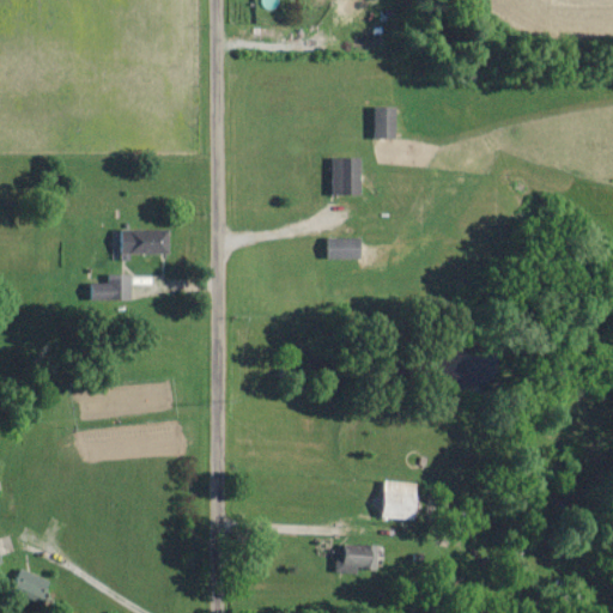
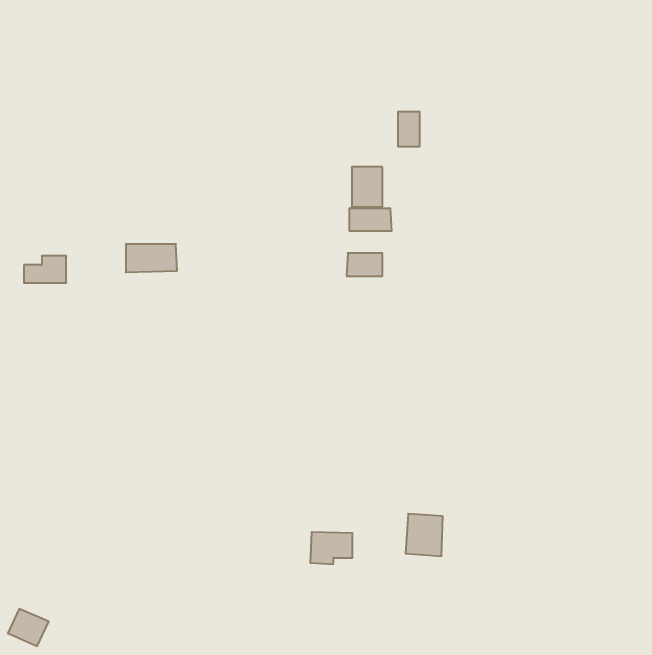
building: none -> [350,208,392,231]
building: [91,274,131,299] -> [24,256,66,283]
building: [338,544,377,573] -> [310,532,353,564]

